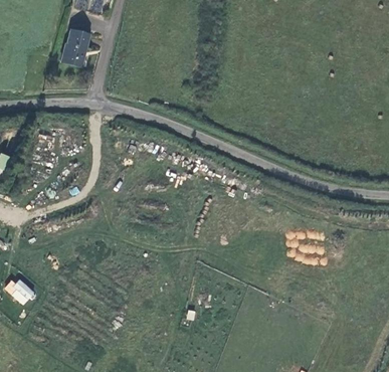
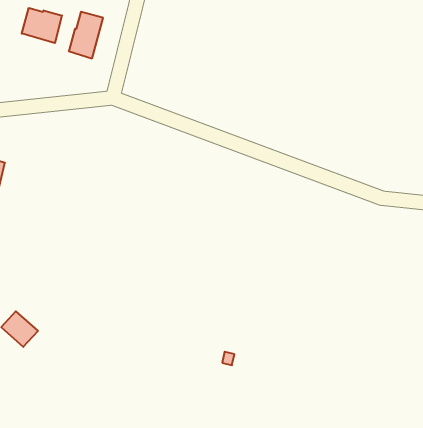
building: none -> [22,8,62,43]

